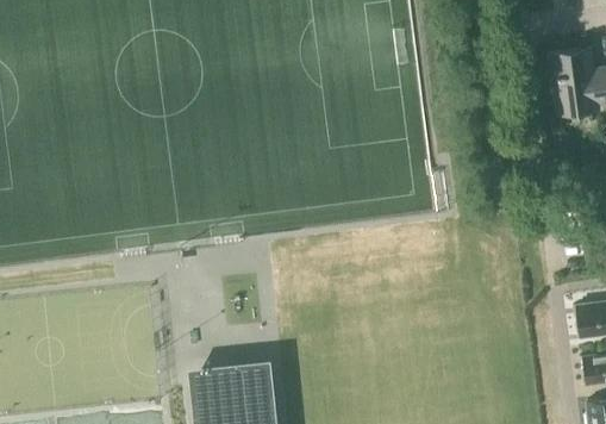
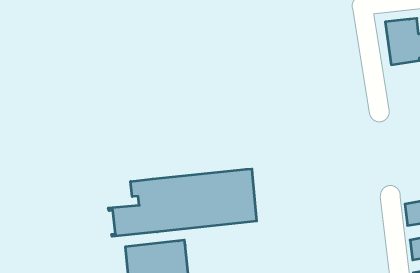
building: none -> [108,169,257,236]

